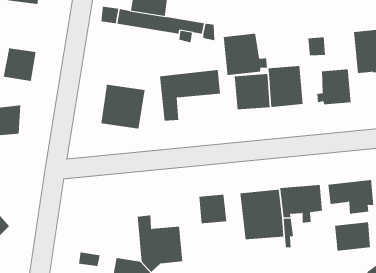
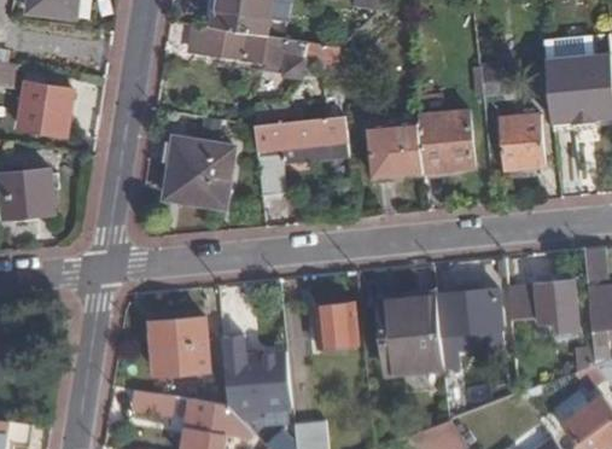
building: [223,33,267,76] -> none
building: none -> [151,319,206,373]
building: [334,221,371,251] -> none

